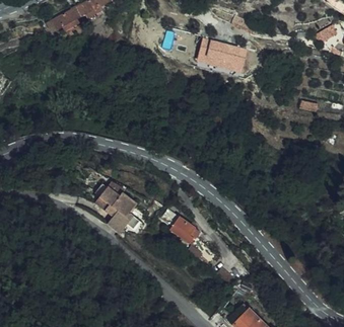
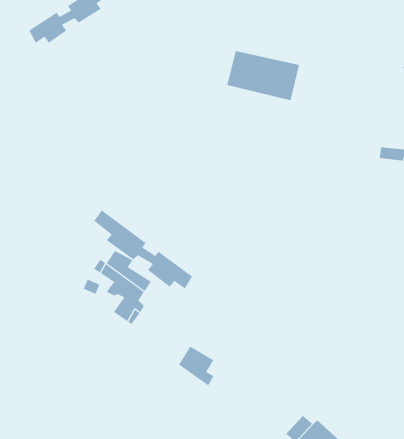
building: none -> [94,209,193,290]
building: [169,213,195,241] -> [178,346,214,386]

